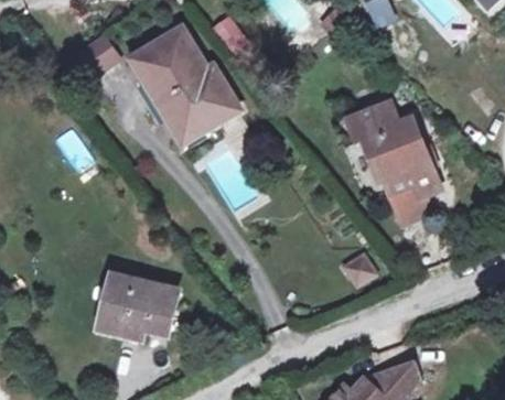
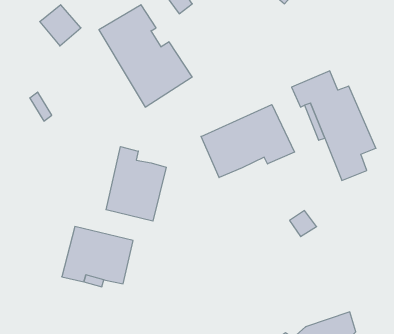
building: none -> [201,105,294,178]
building: none -> [106,147,166,221]

